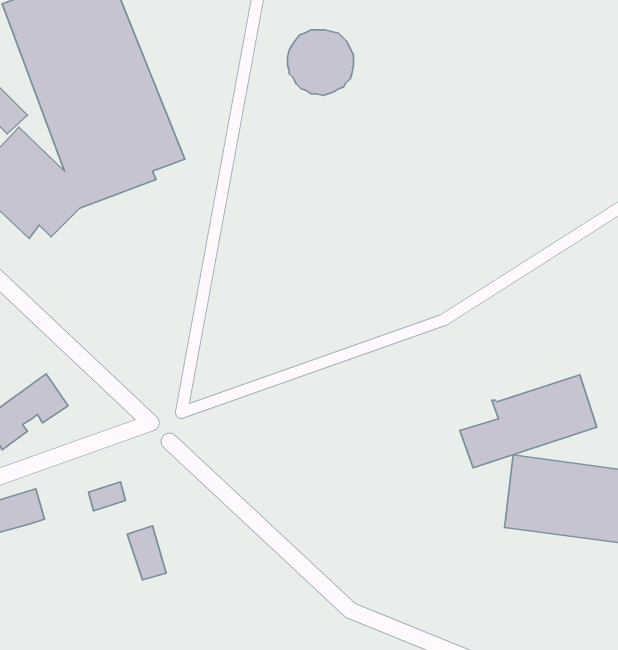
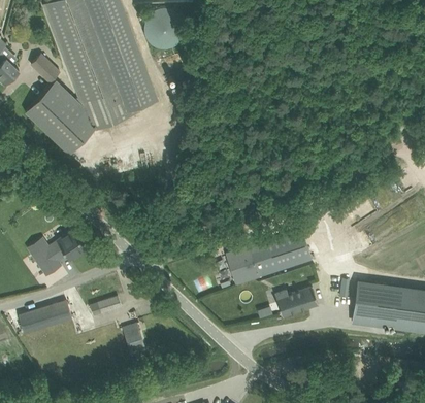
building: [288,30,354,96] -> [144,9,185,49]
building: [460,375,597,468] -> [228,228,312,284]
building: none -> [274,287,318,316]

